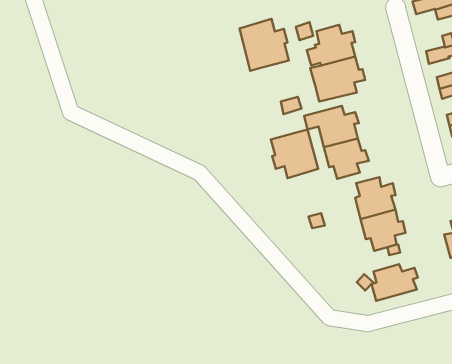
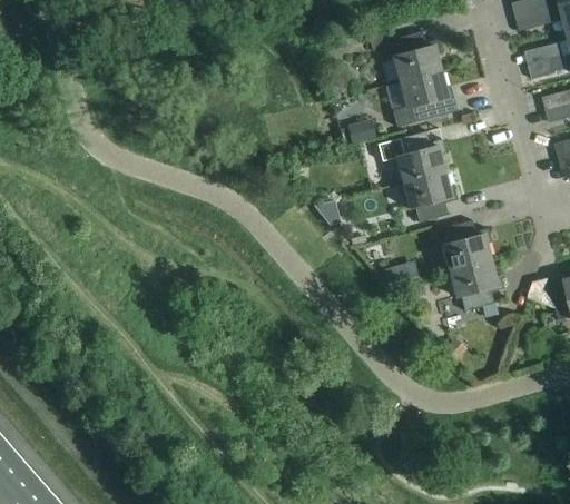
building: [239,19,289,71] -> none
building: [271,129,318,178] -> none
building: [371,264,418,301] -> none

